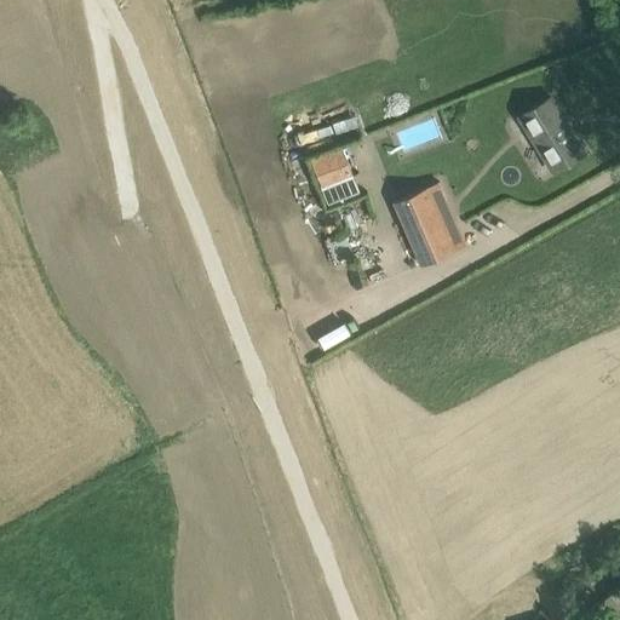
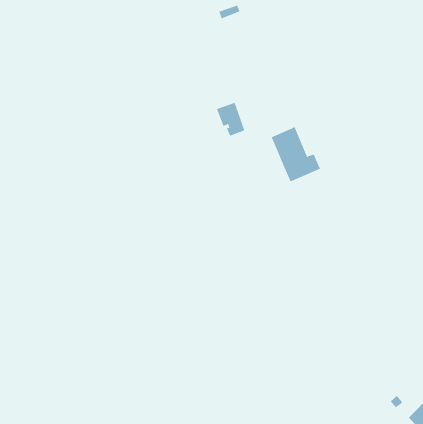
building: [522,98,589,173] -> none

